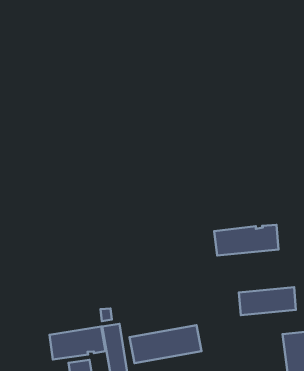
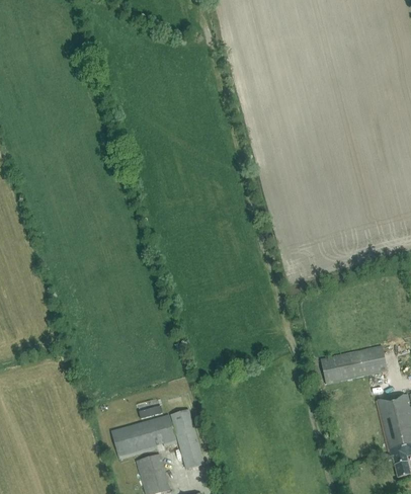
building: [214,225,278,256] -> none
building: [129,325,201,363] -> none

